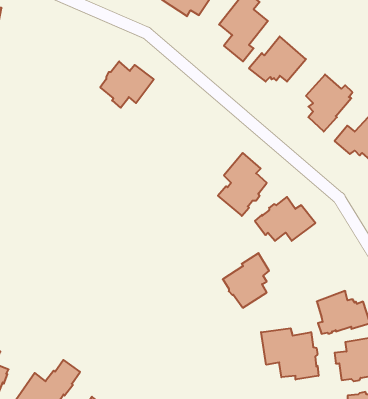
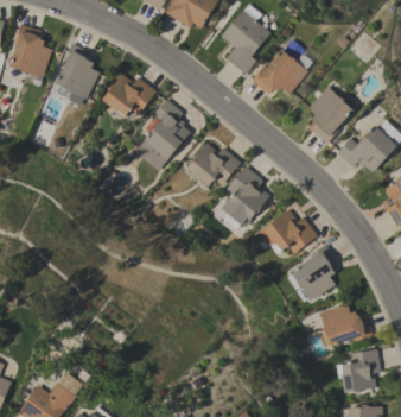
building: none -> [9,24,52,77]
building: none -> [56,43,100,100]
building: none -> [141,99,192,160]
building: none -> [186,143,241,184]
building: [223,253,269,308] -> [291,245,337,299]
building: [261,328,318,380] -> none

